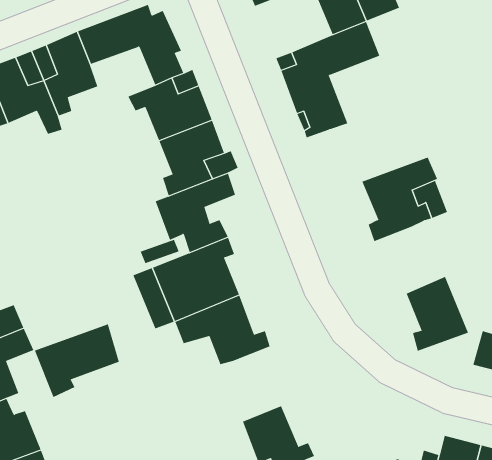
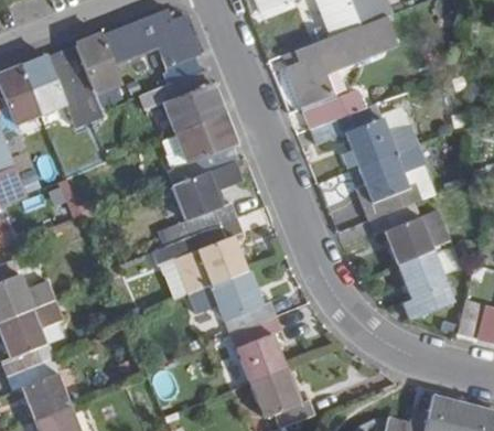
building: none -> [362,12,404,55]
building: none -> [329,107,417,168]
building: none -> [368,208,448,268]
building: [34,324,119,398] -> none
building: none -> [237,315,286,382]

